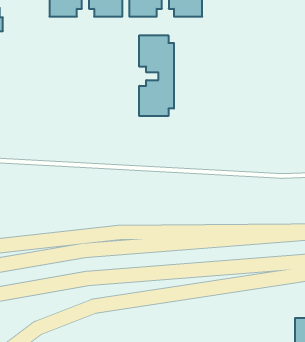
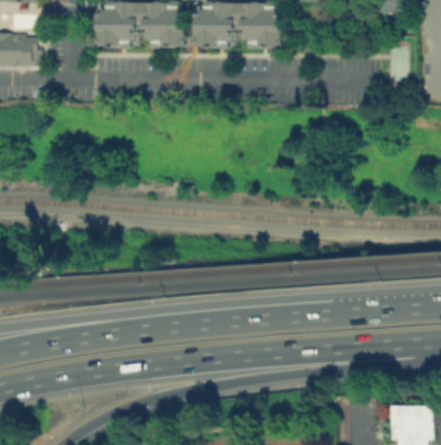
building: [139,35,174,116] -> none

